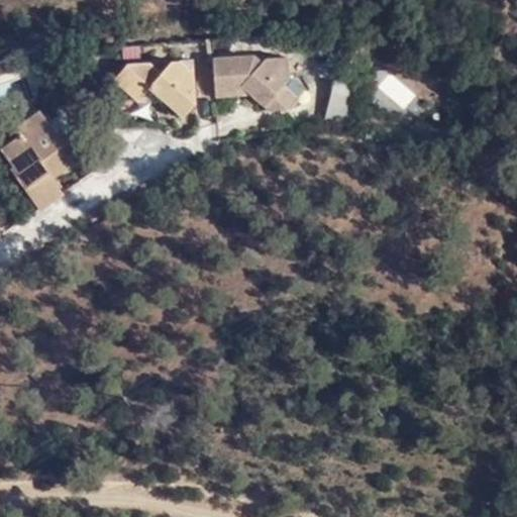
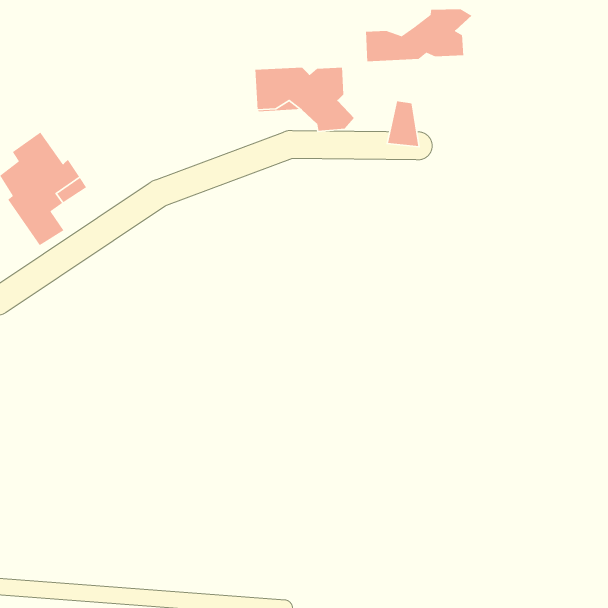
building: none -> [365,8,472,62]
building: [115,61,196,118] -> none

